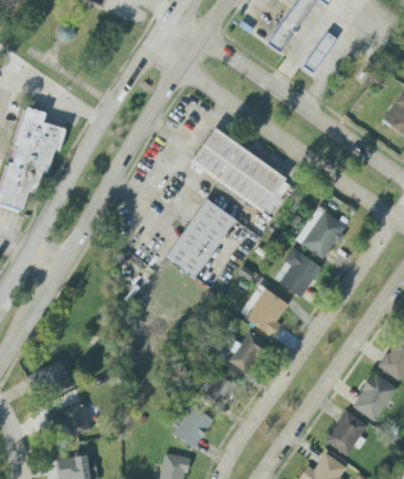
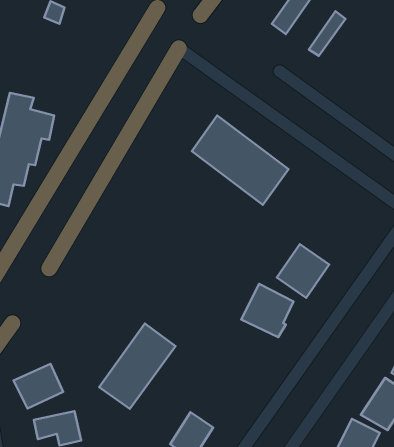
building: [165,197,236,276] -> [99,323,175,409]
building: [295,206,346,258] -> none
building: [227,331,268,373] -> none
building: [198,372,236,411] -> none

